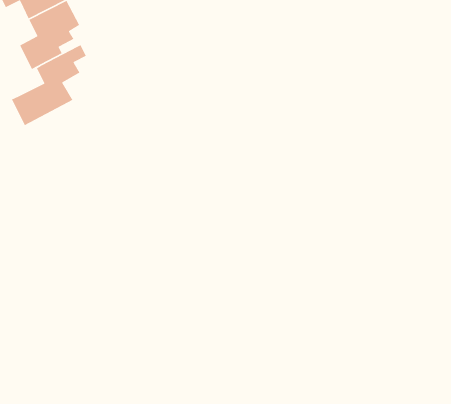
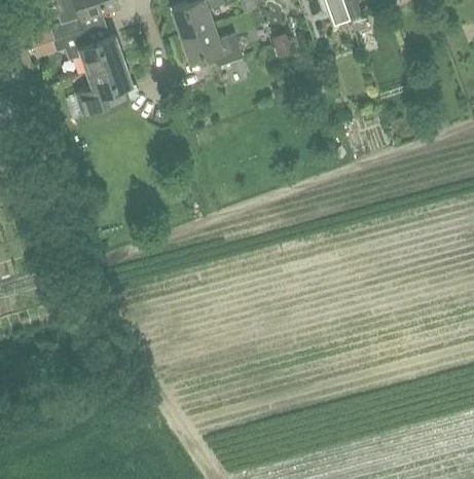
building: [11,44,87,126] -> none

